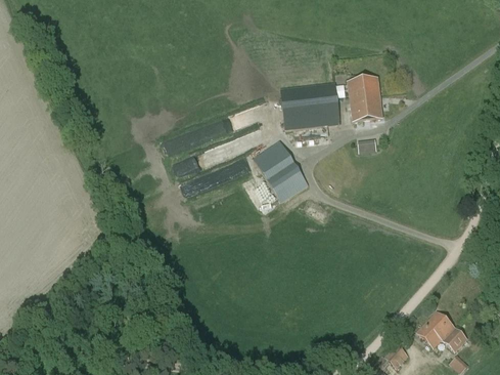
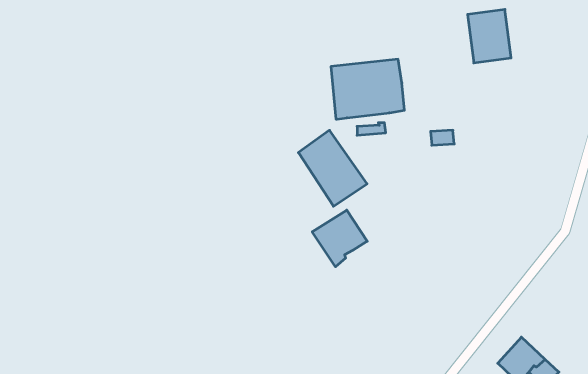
building: [347,78,382,122] -> [468,9,511,63]
building: none -> [312,210,367,267]

